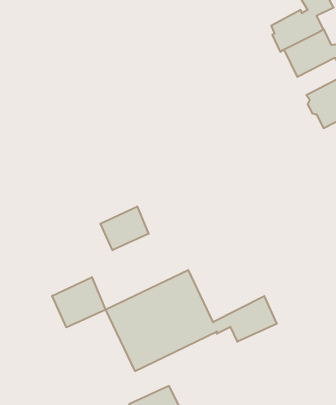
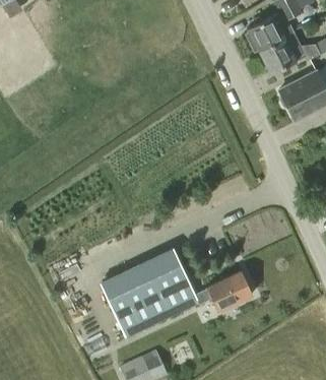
building: [100,206,149,250] -> none
building: [52,277,105,327] -> none

